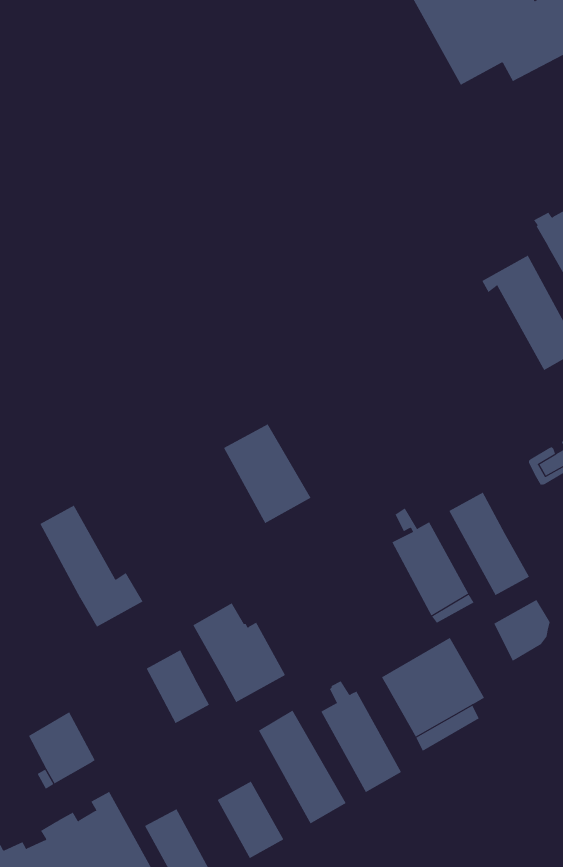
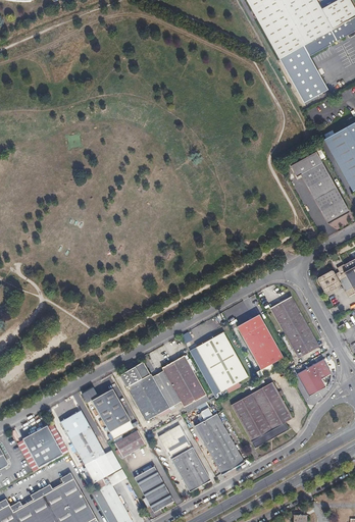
building: none -> [277,43,326,101]
building: [223,424,311,524] -> [196,331,248,390]
building: [40,505,143,628] -> [60,410,121,482]
building: none -> [157,355,206,406]
building: none -> [115,432,146,460]

